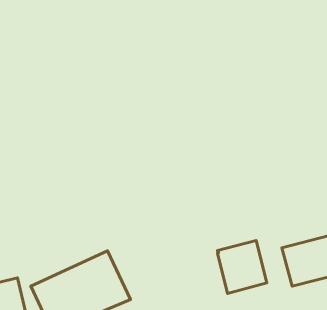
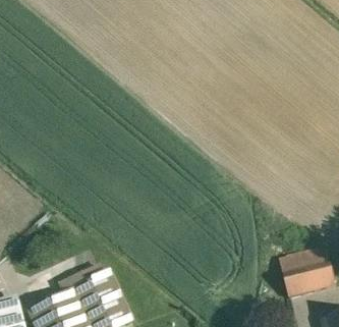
building: [217,241,267,293] -> none

